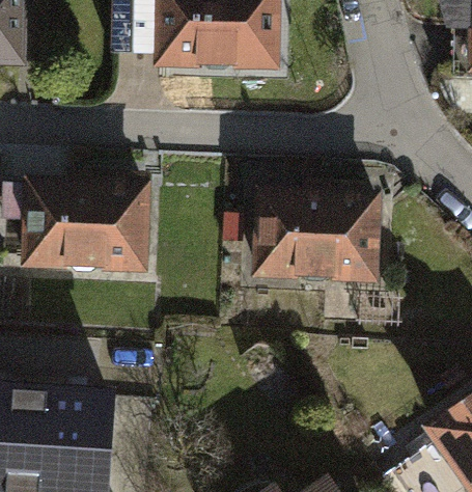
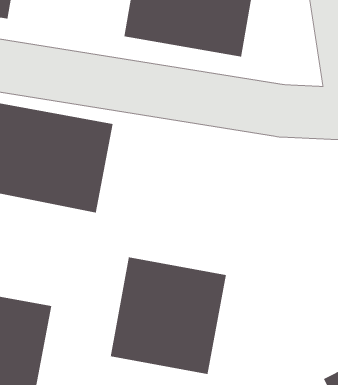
building: [251,183,385,280] -> none
building: none -> [110,257,226,375]

